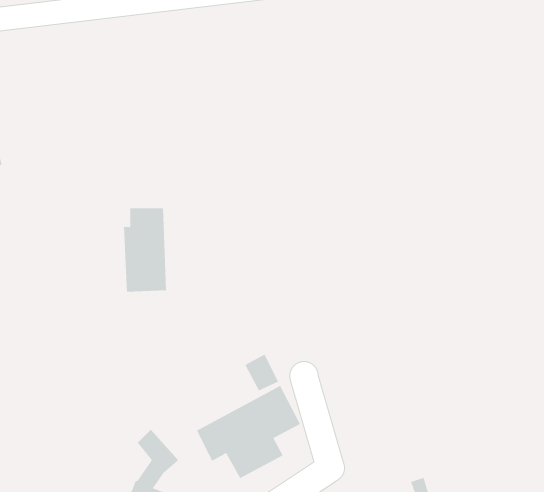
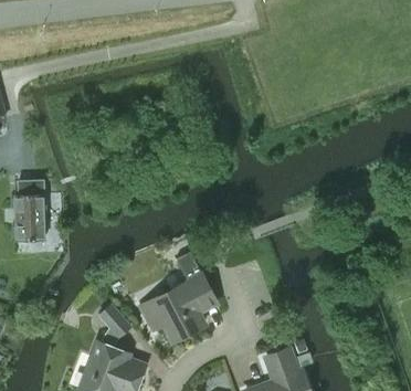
building: [123,208,167,292] -> [14,181,45,241]

